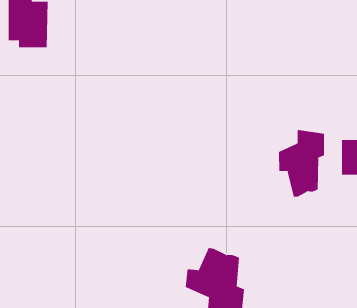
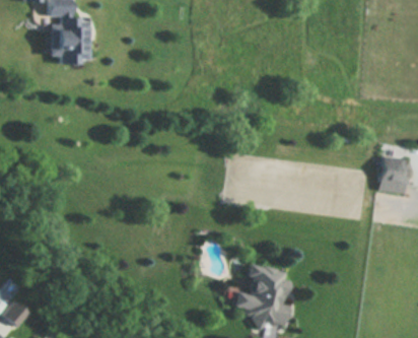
building: [279,129,324,197] -> none

